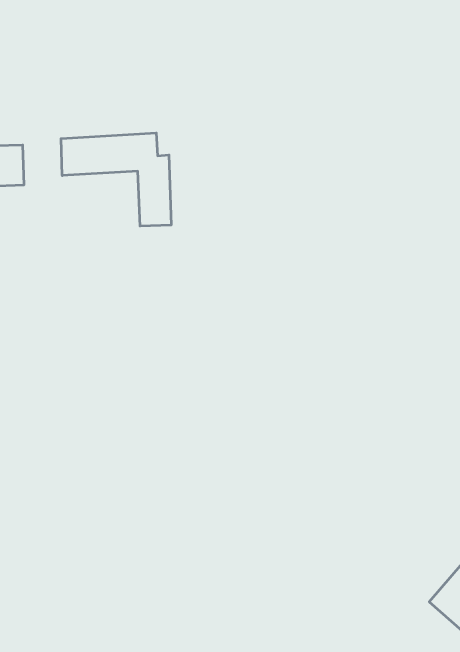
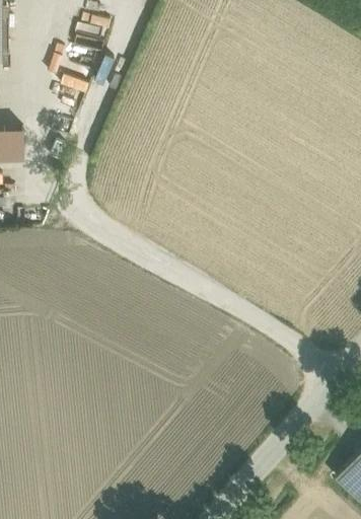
building: [61,133,171,226] -> none

